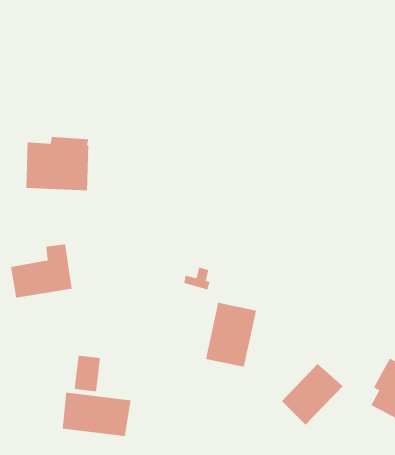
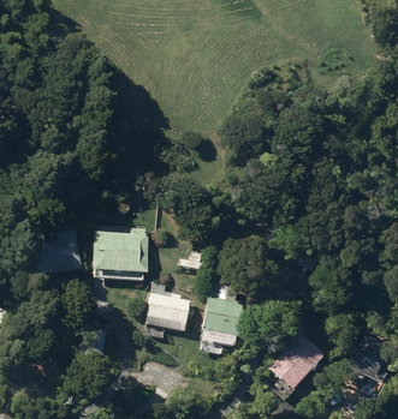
building: [25,137,89,191] -> [91,227,148,275]
building: none -> [145,281,192,333]
building: [62,392,131,437] -> none

